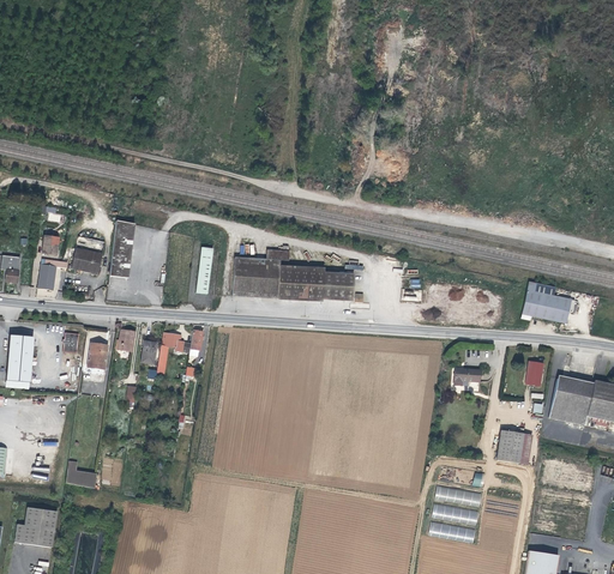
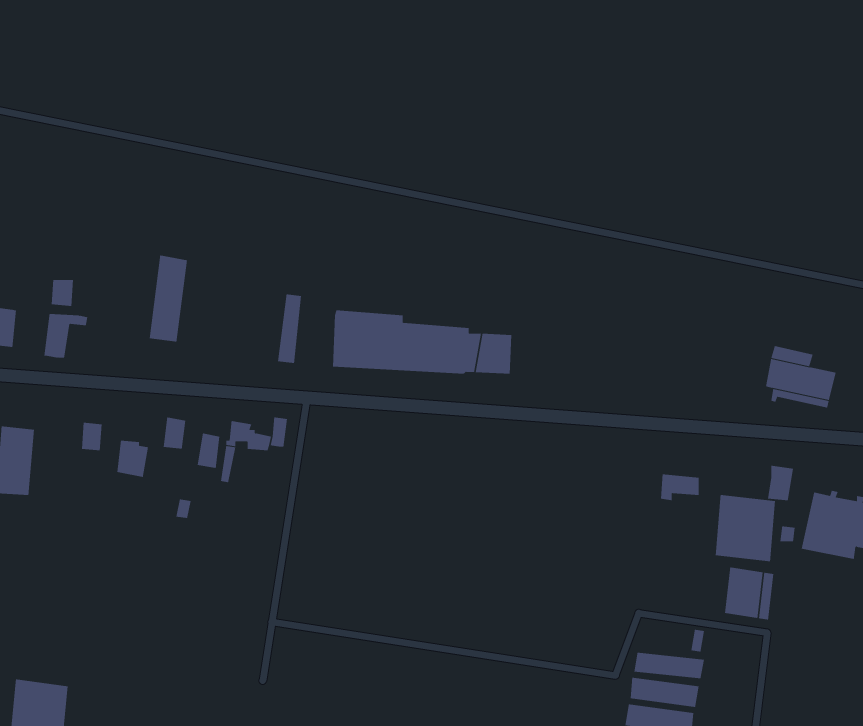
building: [68,247,102,274] -> none
building: none -> [715,494,775,562]
building: [65,457,97,488] -> none

